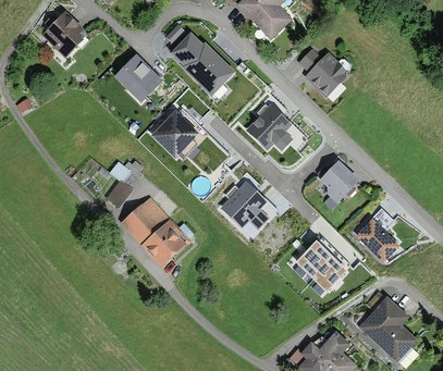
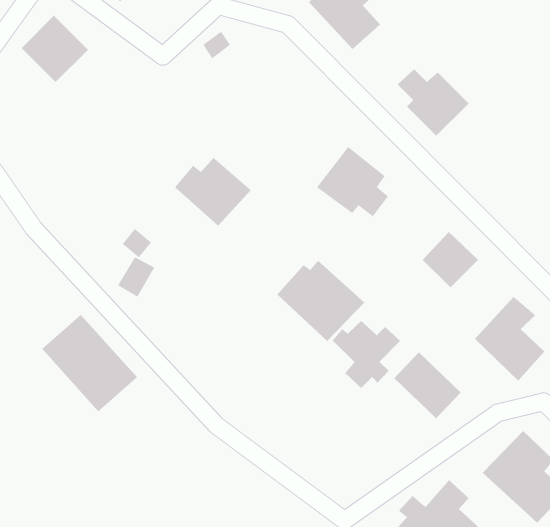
building: [169,30,234,96] -> none
building: [115,58,160,101] -> none
building: [123,197,189,264] -> [41,314,138,412]
building: none -> [332,320,401,389]

